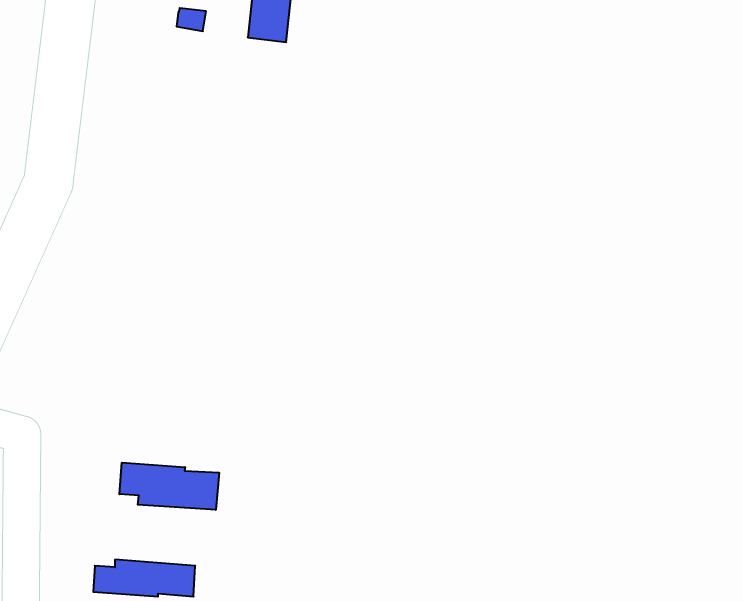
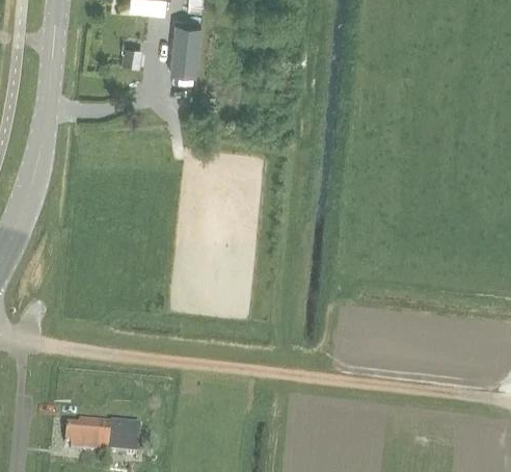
building: [119,463,219,510] -> none

